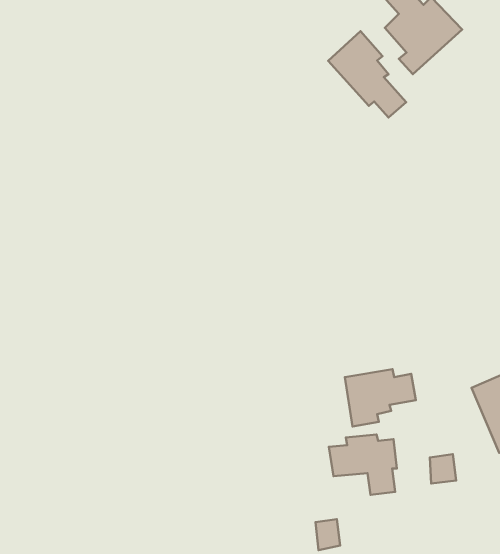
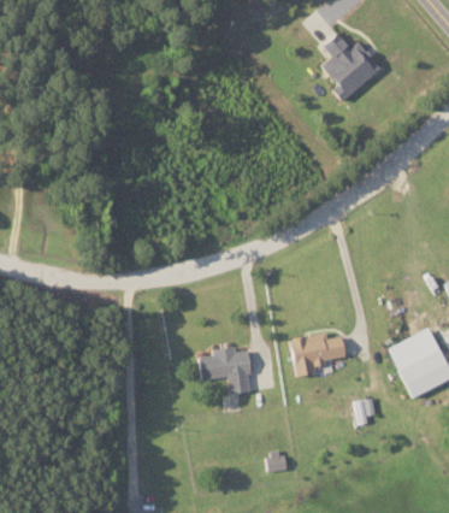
building: [328,31,406,118] -> none
building: [329,435,397,495] -> [199,347,252,394]

